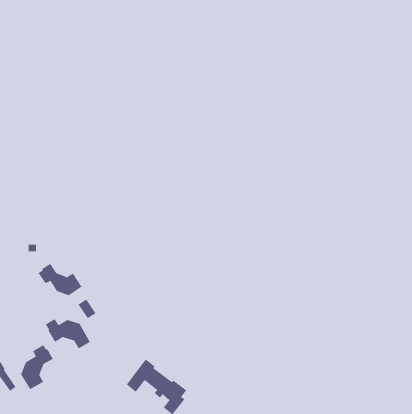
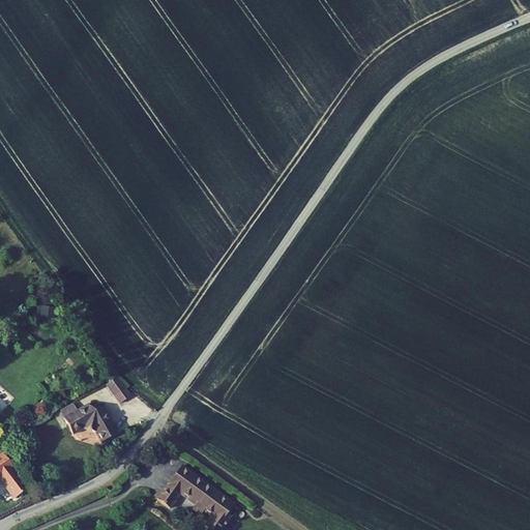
building: [38,263,82,296] -> none
building: [20,344,54,390] -> none

